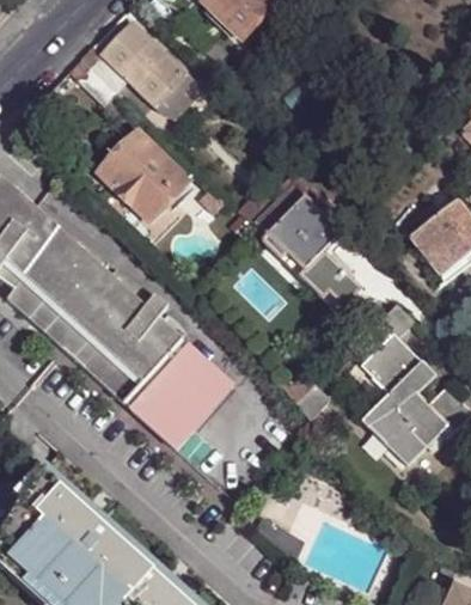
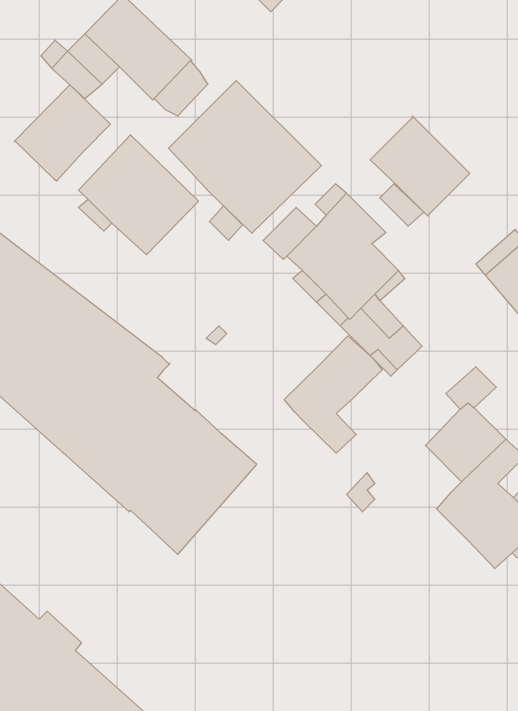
building: none -> [169,81,321,233]
building: none -> [14,85,110,181]
building: none -> [370,116,470,216]
building: none -> [284,336,382,453]

